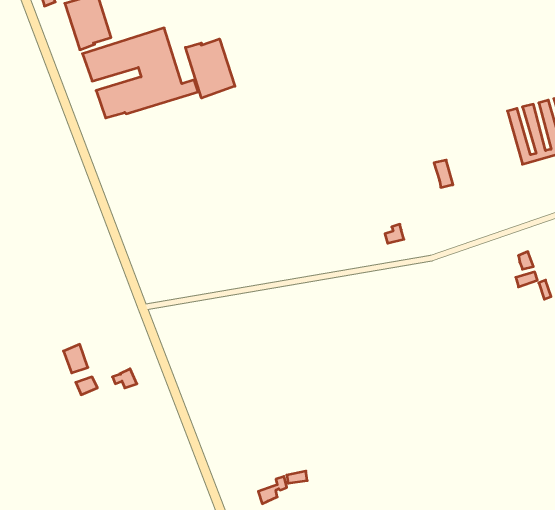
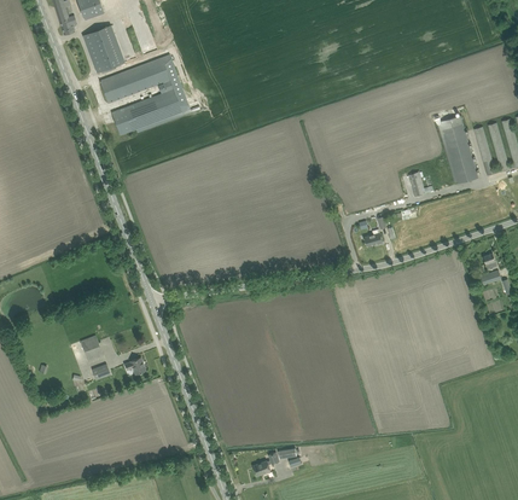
building: [185,39,235,98] -> none
building: none -> [435,115,478,184]

